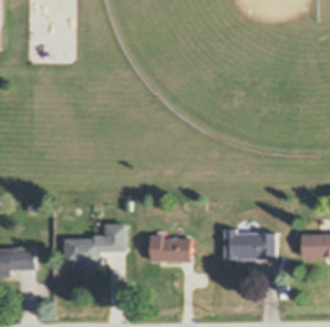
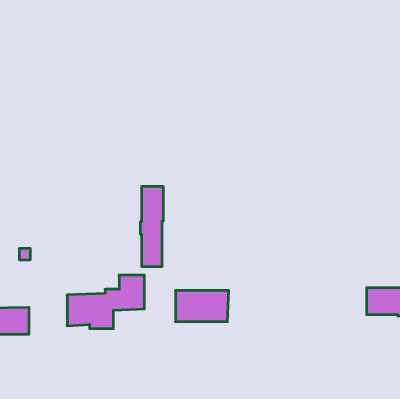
building: none -> [141,186,163,267]
building: [226,227,278,259] -> none

